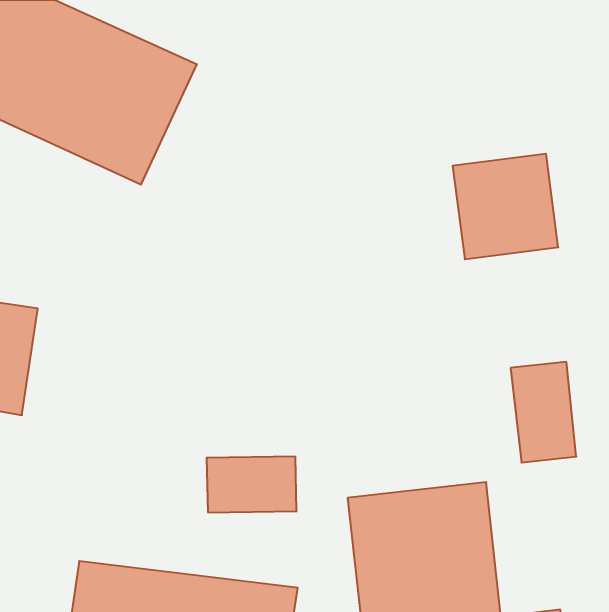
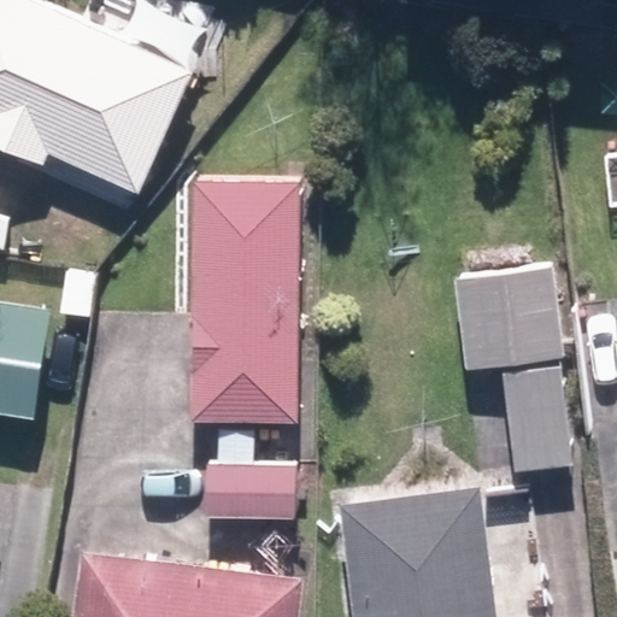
building: [453,154,558,259] -> [458,264,563,369]
building: none -> [184,177,300,422]

